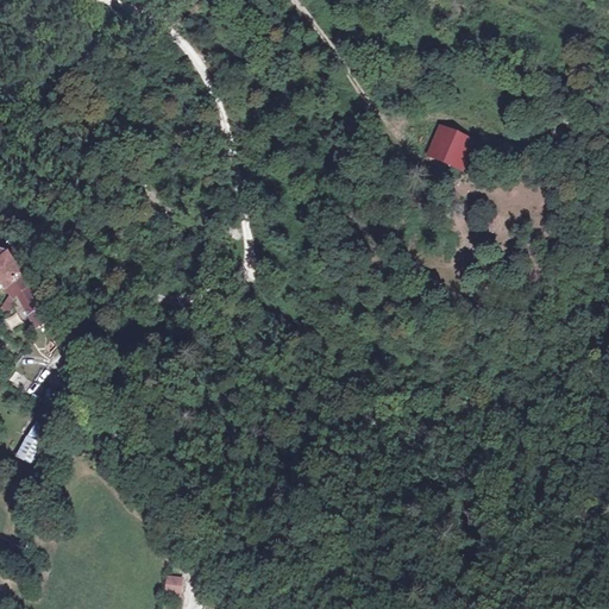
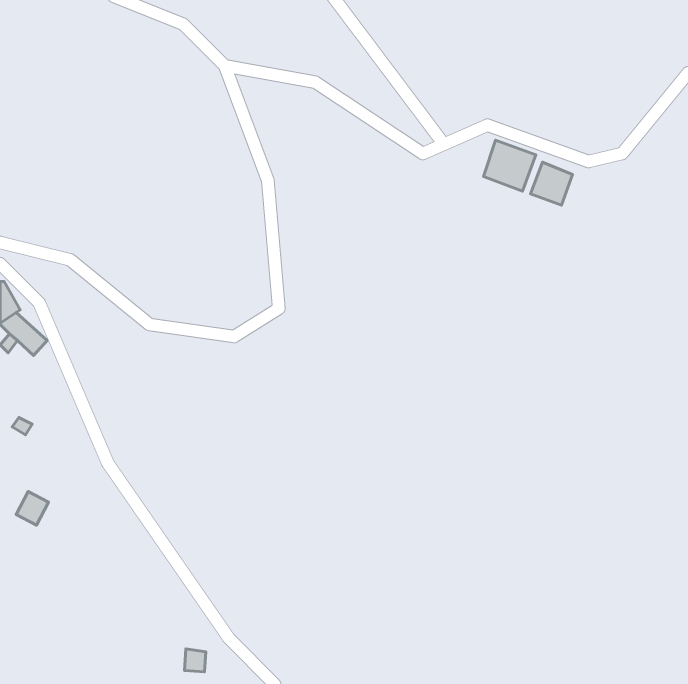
building: none -> [531,162,573,205]

